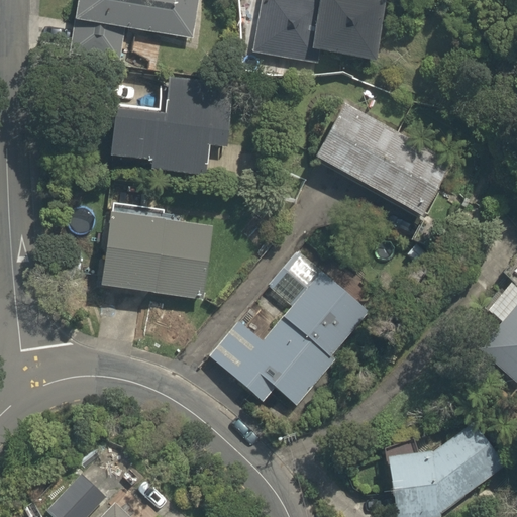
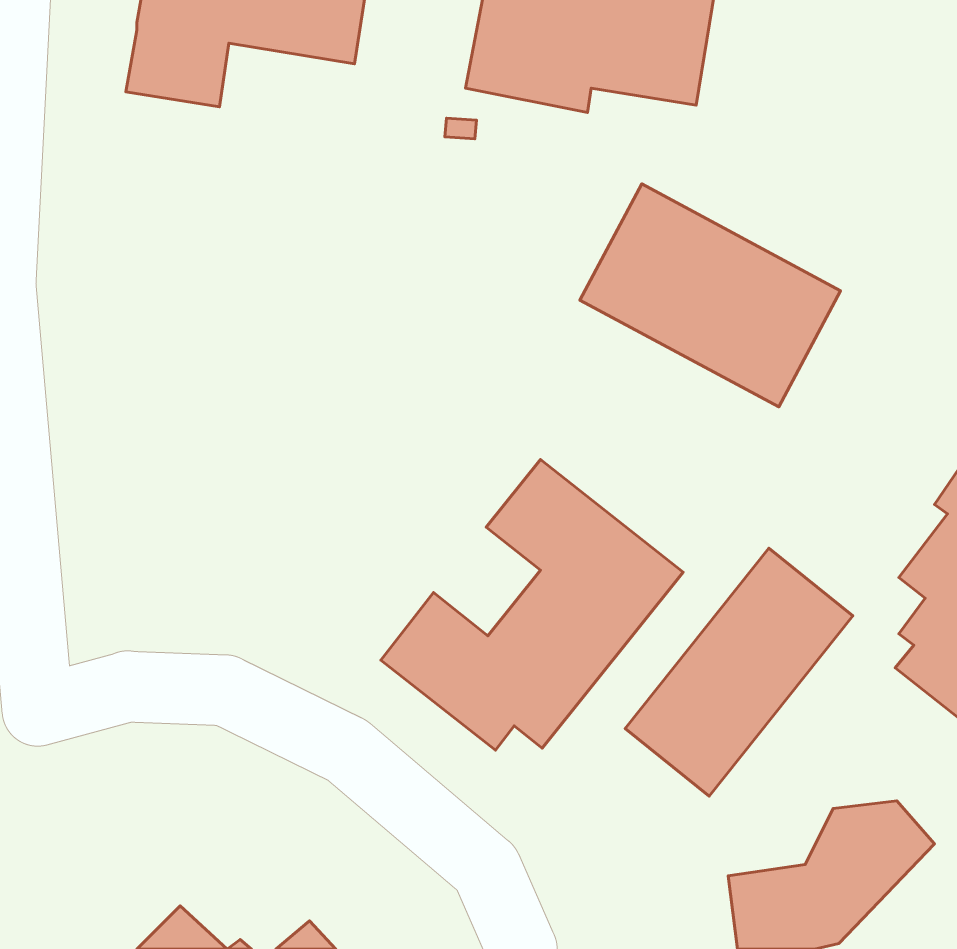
building: [107,83,236,177] -> none
building: [107,204,213,296] -> none
building: none -> [625,548,853,796]

